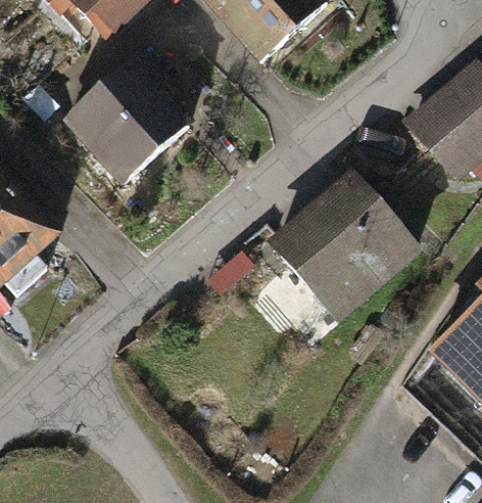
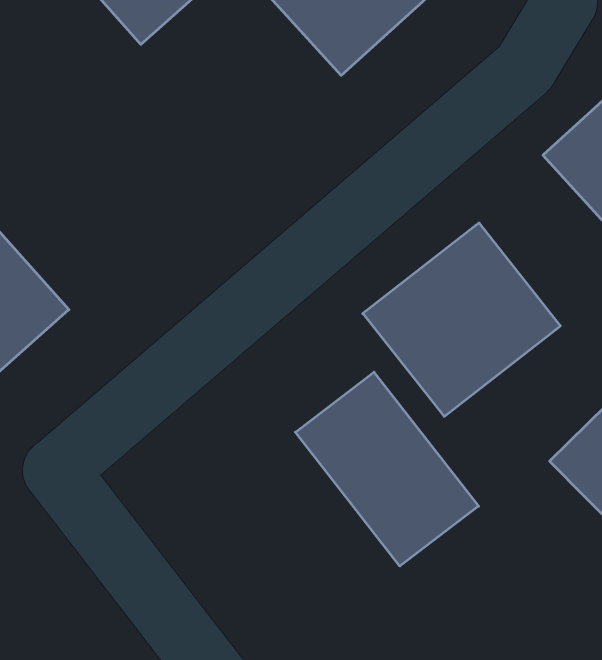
building: [61,48,198,185] -> none
building: none -> [295,372,479,566]

